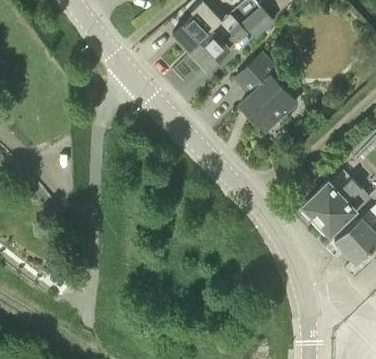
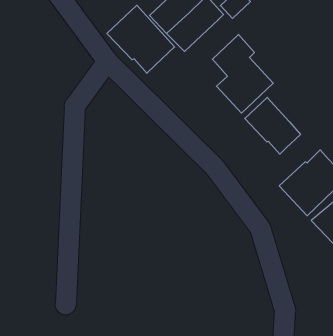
building: none -> [107,5,175,73]
building: none -> [245,97,301,154]

